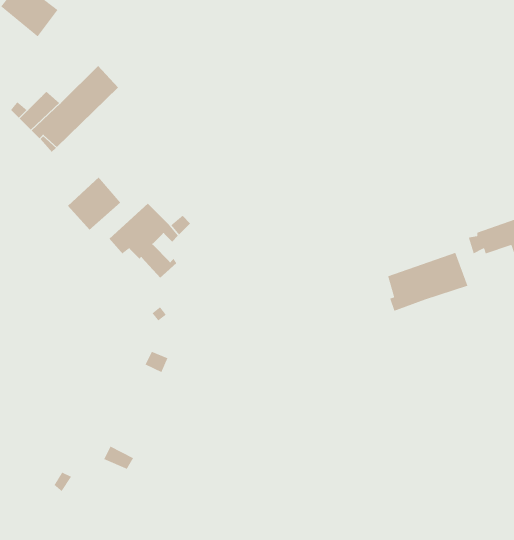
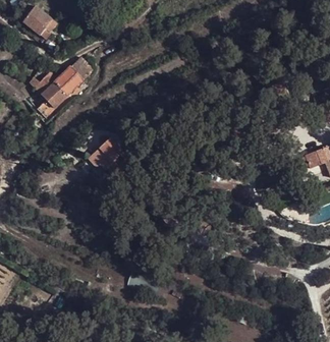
building: [67,176,121,230] -> none
building: [387,252,468,312] -> none

